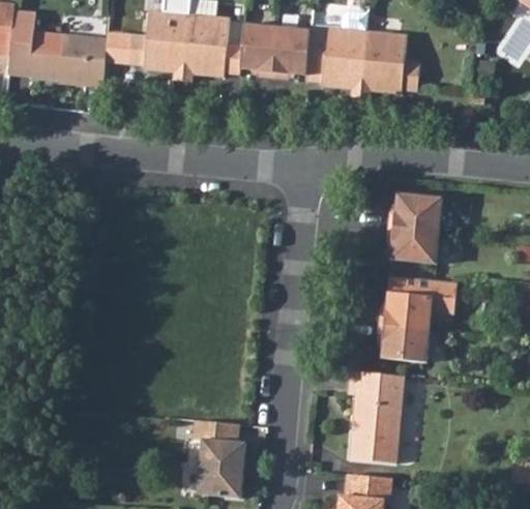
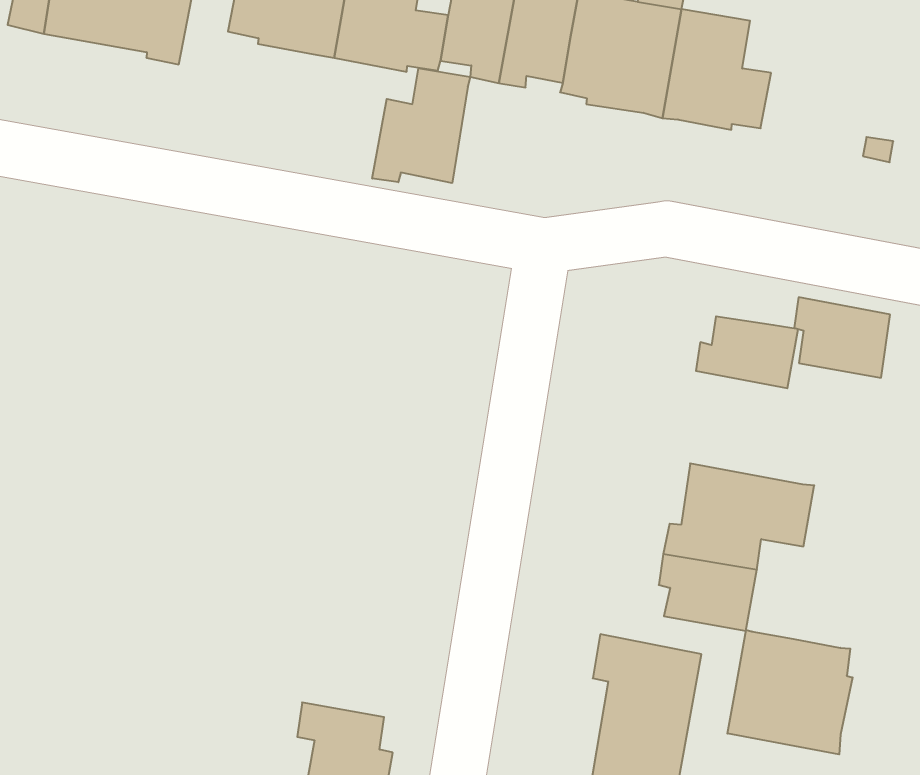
building: none -> [372,68,470,183]
building: [387,224,438,264] -> [794,297,890,378]
building: none -> [727,630,853,754]

